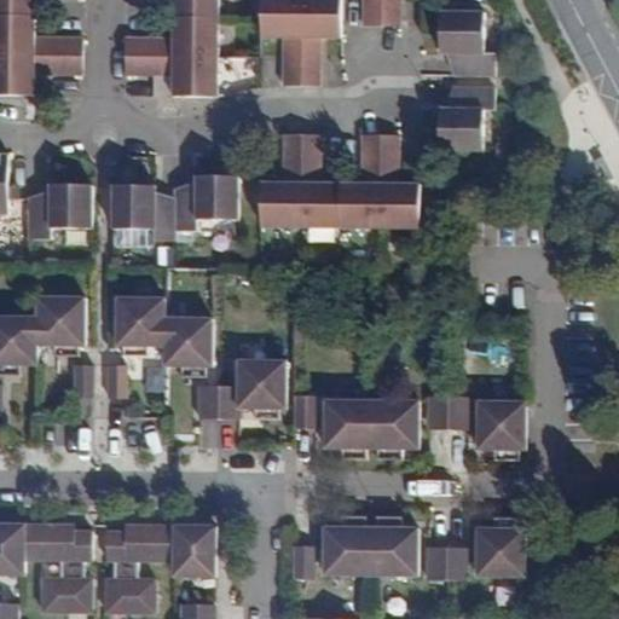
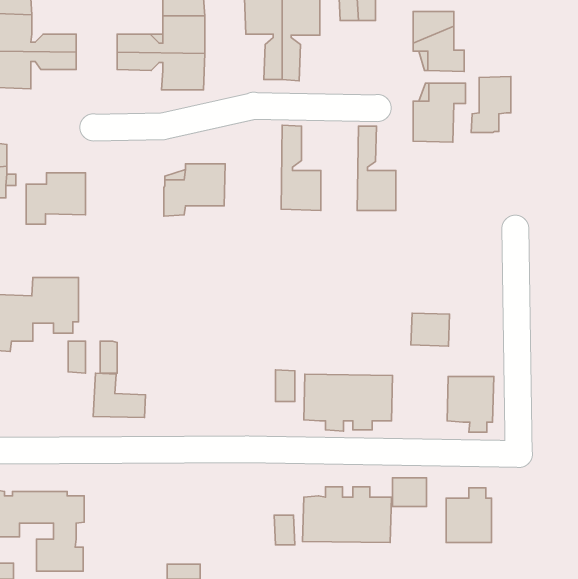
building: none -> [471,76,511,133]
building: [261,133,300,222] -> none
building: [341,134,381,224] -> none
building: [112,184,174,239] -> none
building: [114,295,212,375] -> none
building: [198,358,284,418] -> none
building: [426,395,467,430] -> [411,313,450,346]
building: [103,522,214,608] -> none
building: [427,549,463,579] -> [392,478,427,506]

